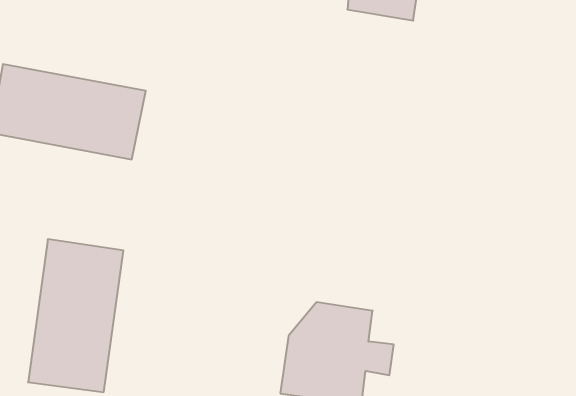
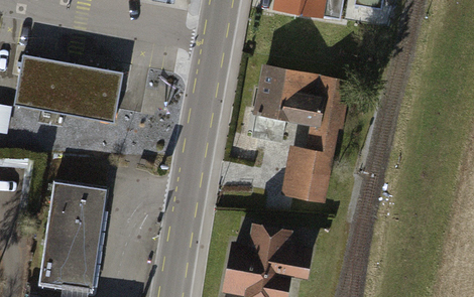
building: none -> [252,65,348,207]

